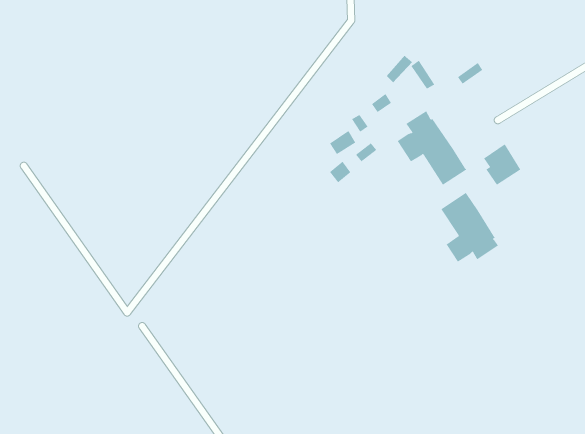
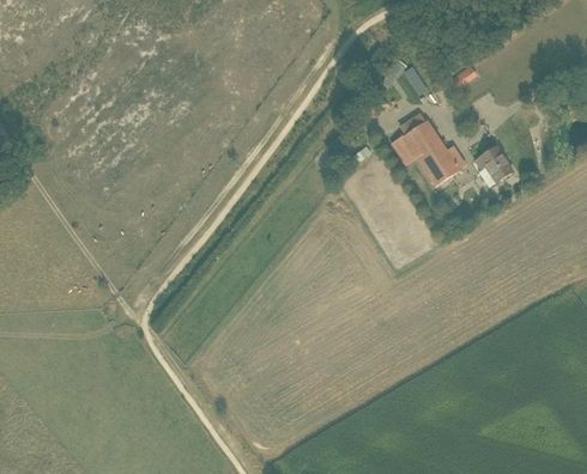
building: [440,192,499,263] -> none

